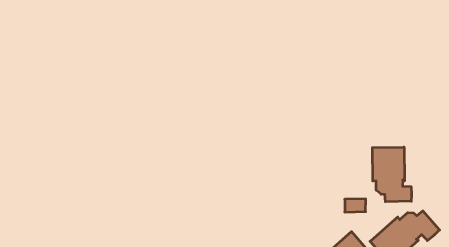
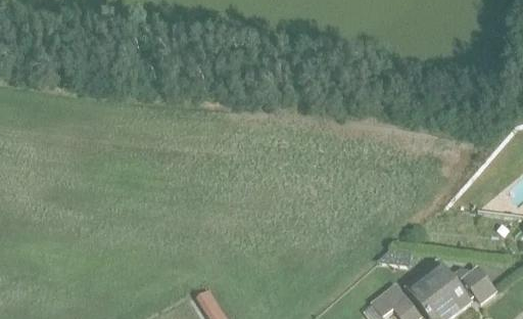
building: [372,147,411,202] -> none

